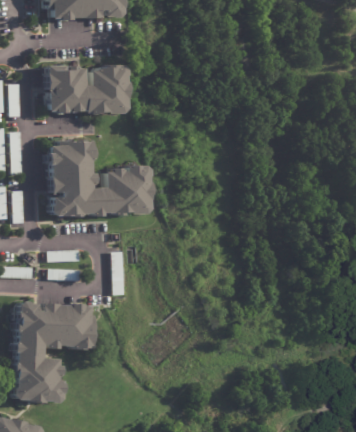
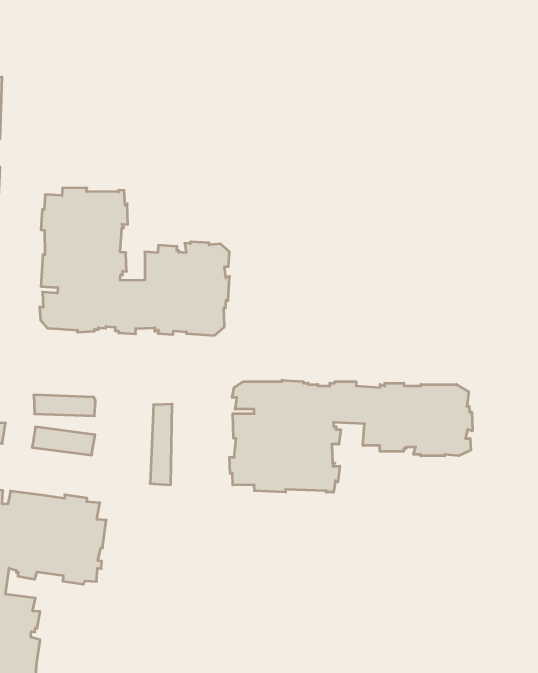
building: [46,63,127,113] -> none
building: none -> [229,380,472,492]

